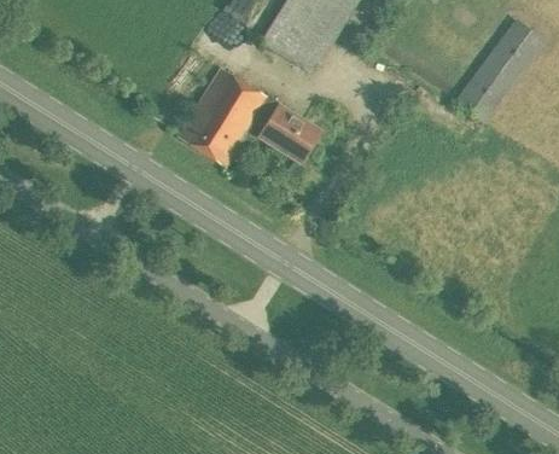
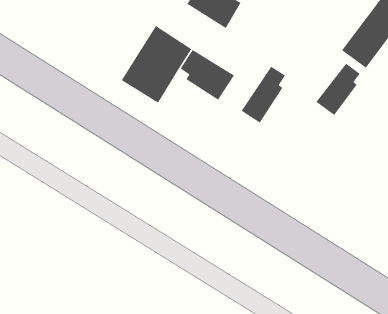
building: none -> [316,63,360,116]
building: none -> [241,66,286,123]

